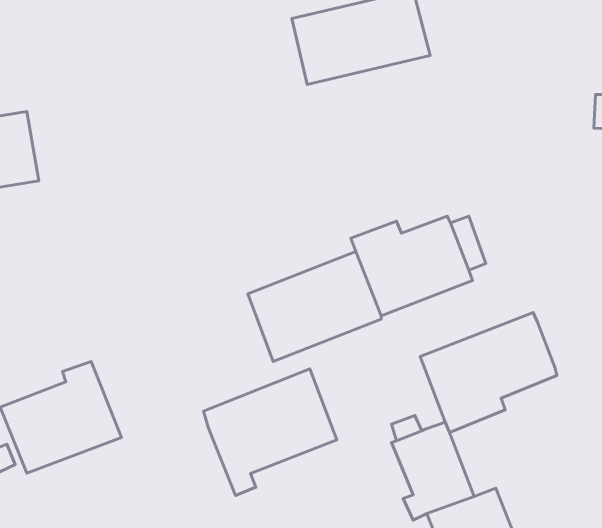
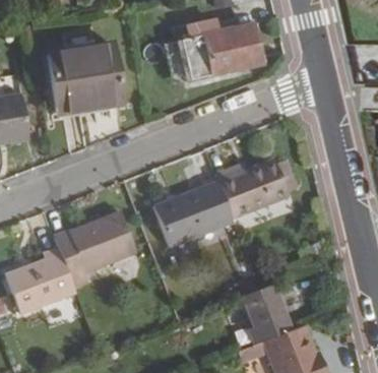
building: none -> [45,43,124,115]
building: [420,313,557,432] -> none
building: [203,369,337,496] -> [56,211,136,288]

